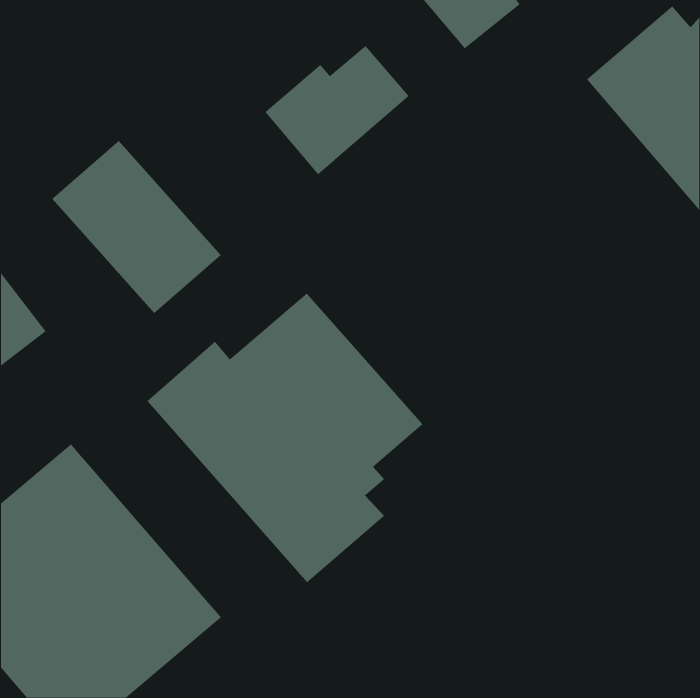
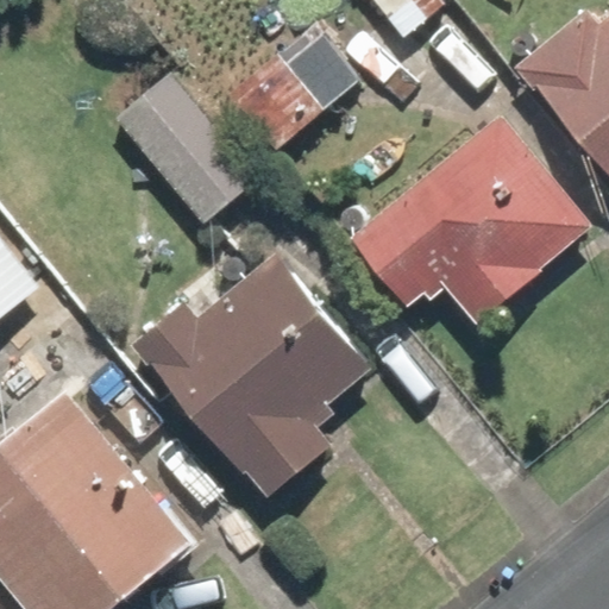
building: none -> [341,108,597,331]
building: [52,140,221,314] -> [113,70,260,221]

